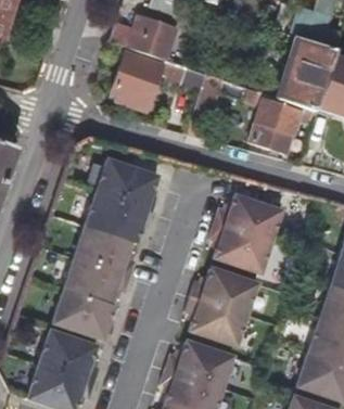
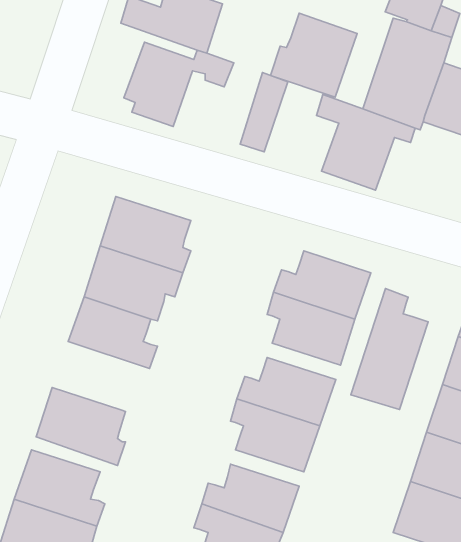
building: none -> [271,13,357,97]
building: none -> [351,289,428,410]
building: [64,257,130,304] -> none

